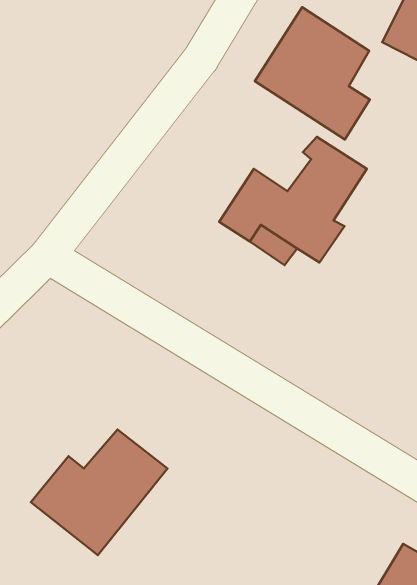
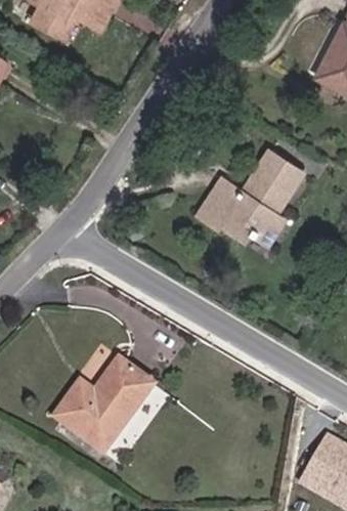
building: [255,7,370,139] -> none

